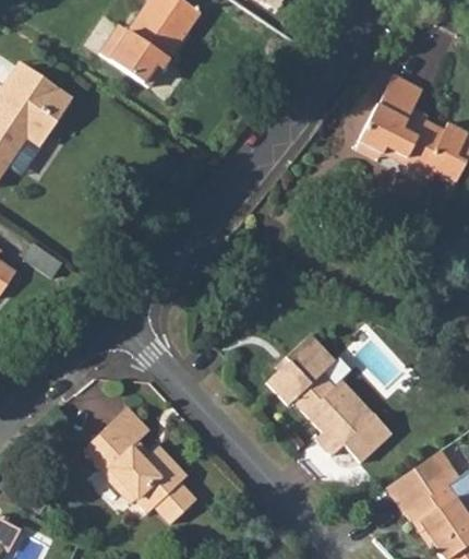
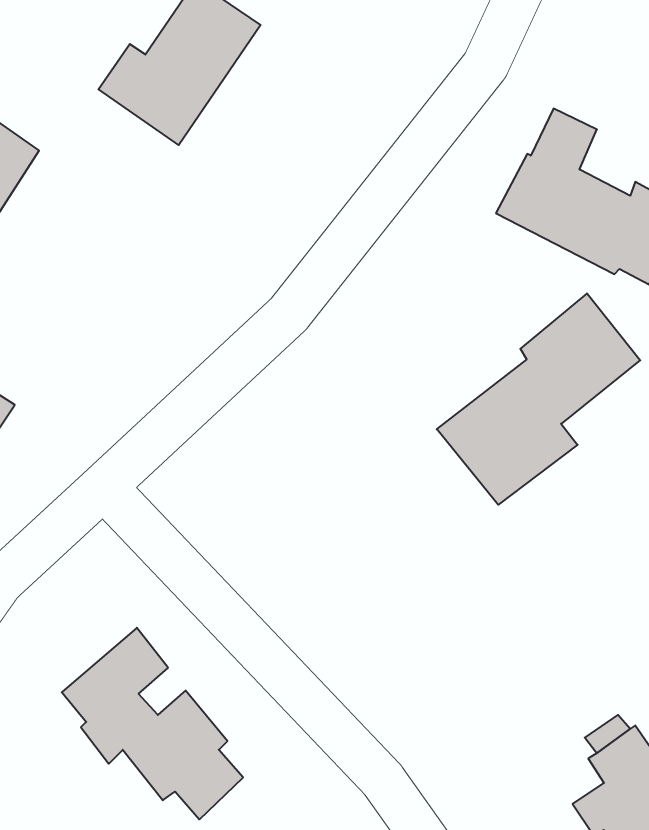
building: none -> [437,293,640,505]
building: [270,330,393,460] -> none

